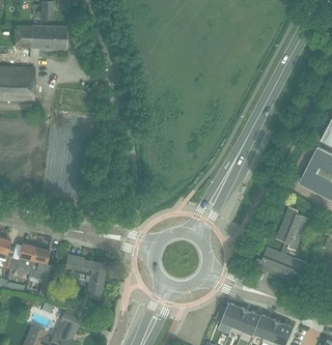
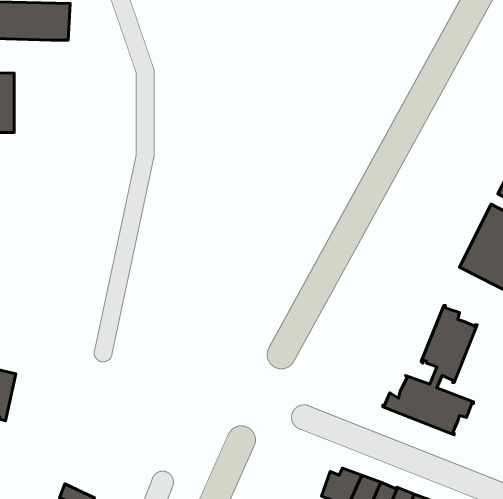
building: [29,247,53,283] -> none
building: [64,255,106,299] -> none

